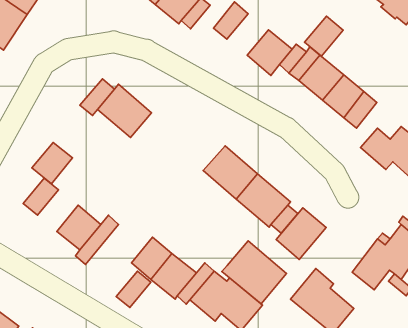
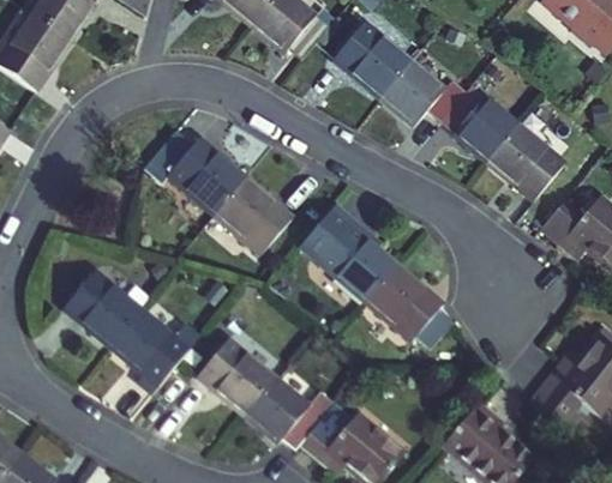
building: none -> [353,37,412,96]
building: [305,16,343,56] -> none
building: none -> [216,177,293,253]
building: none -> [301,201,355,259]
building: [32,142,73,184] -> [84,286,142,345]
building: [276,208,326,259] -> none
building: [222,241,287,304] -> none
building: [116,271,151,308] -> [198,338,247,390]

